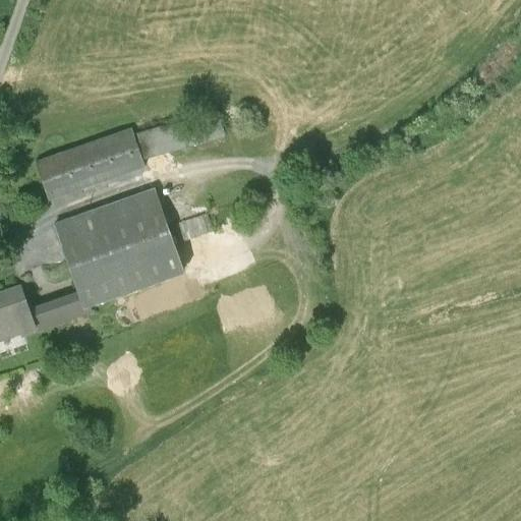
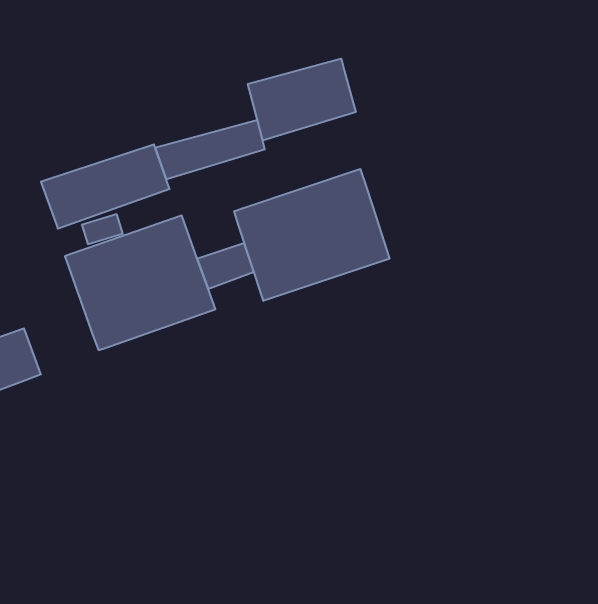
building: none -> [248,59,356,140]
building: none -> [234,169,389,301]
building: [21,292,93,336] -> none

